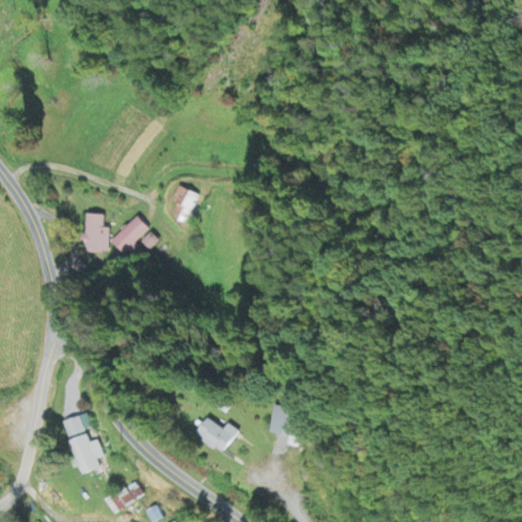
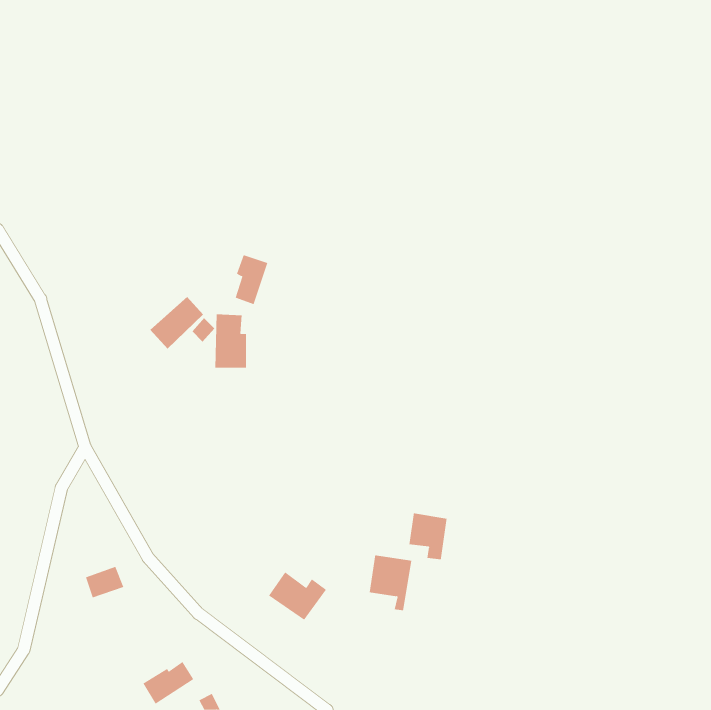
building: [84,213,107,253] -> [215,314,247,368]
building: none -> [409,513,447,560]
building: [68,434,103,474] -> none

